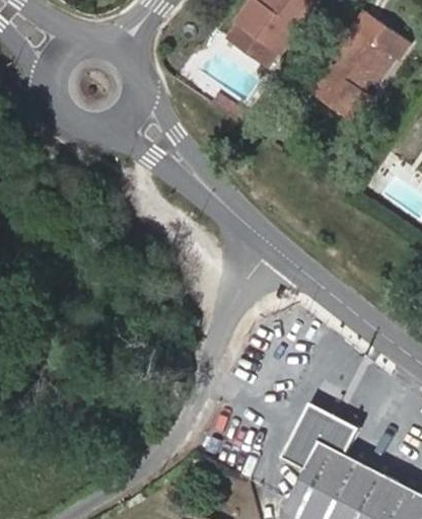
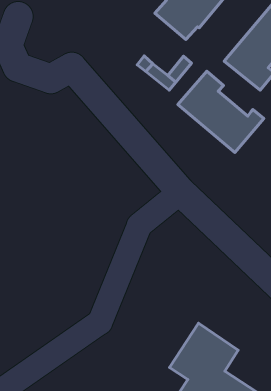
building: none -> [178,71,264,153]

